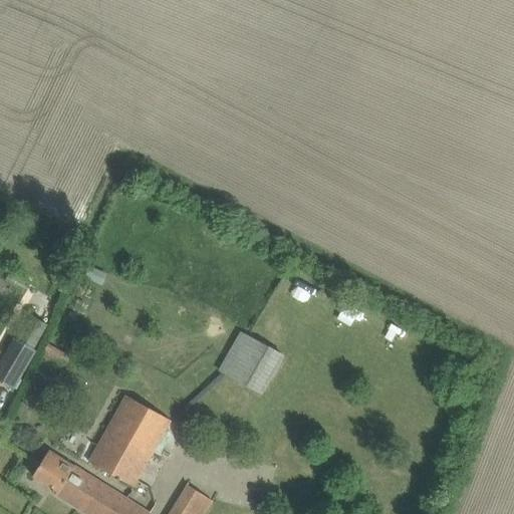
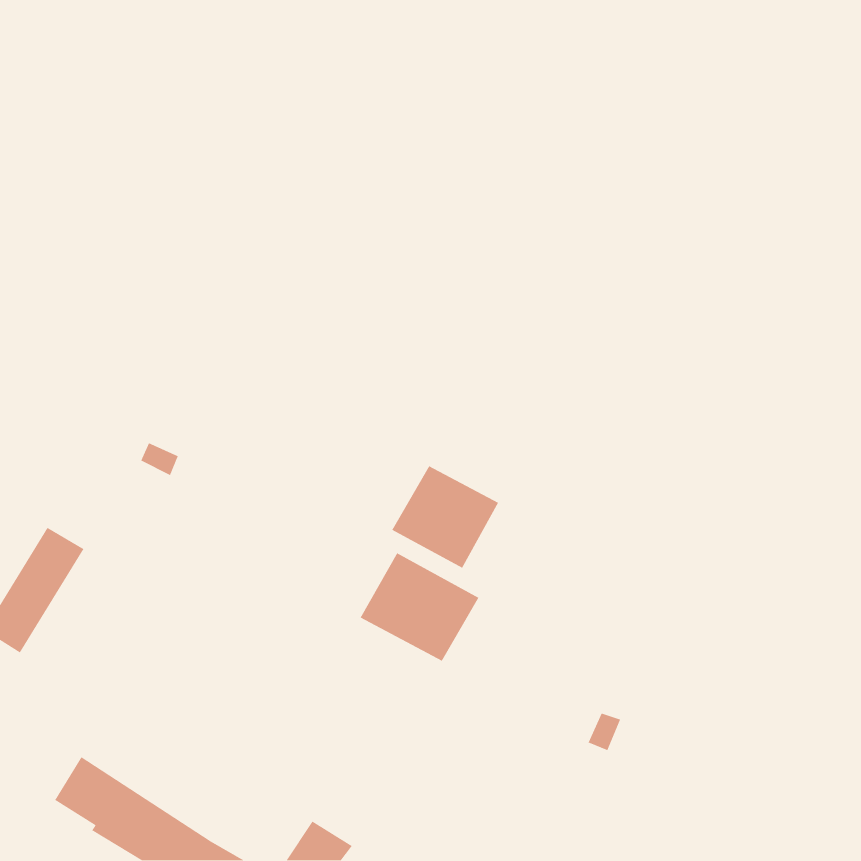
building: none -> [391,465,499,569]
building: [89,396,171,487] -> none

